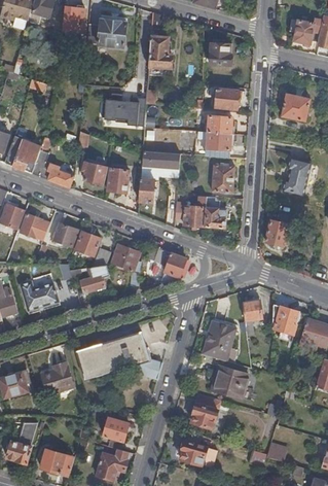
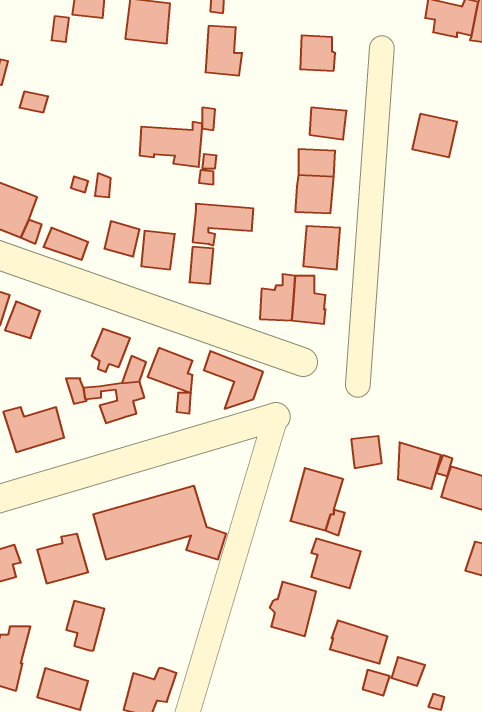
building: [281,155,311,196] -> none
building: [264,219,288,246] -> none
building: [52,222,80,247] -> none
building: [103,417,127,449] -> [66,601,105,651]
building: [180,440,217,467] -> [330,620,388,664]

